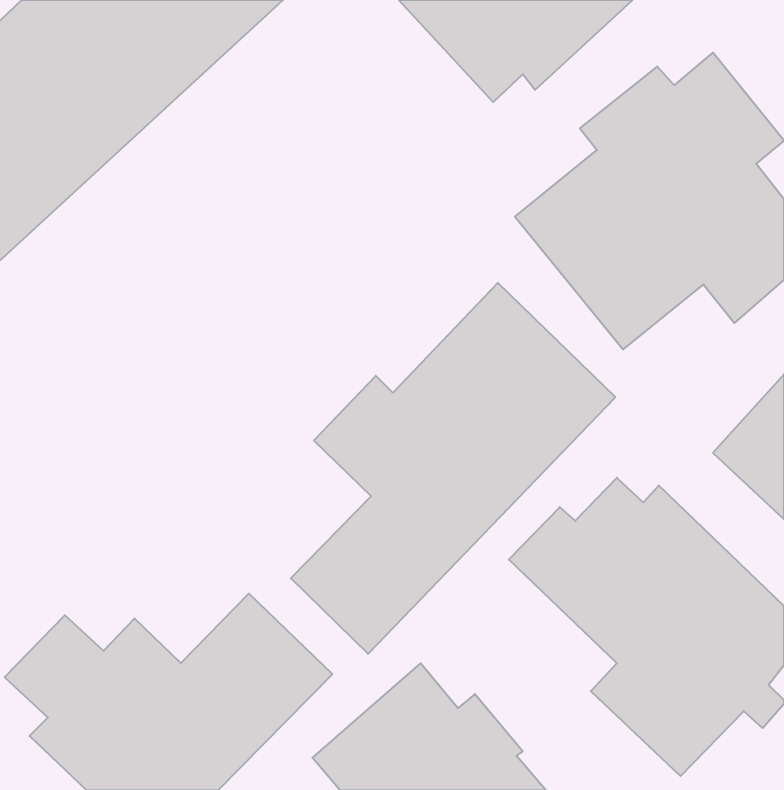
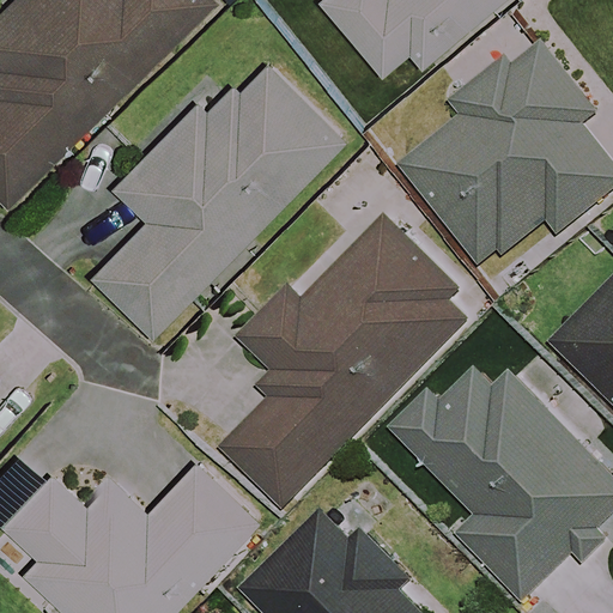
building: none -> [92,62,335,334]

